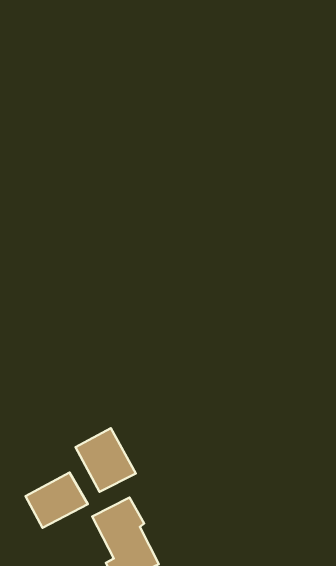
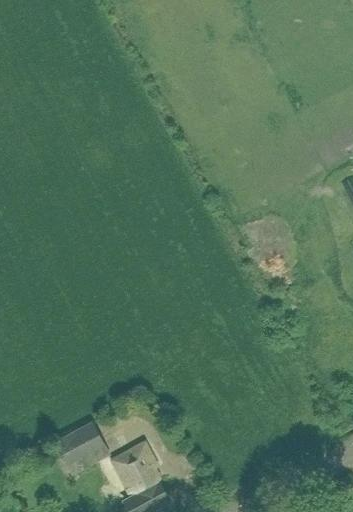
building: [76,428,136,492] -> none

